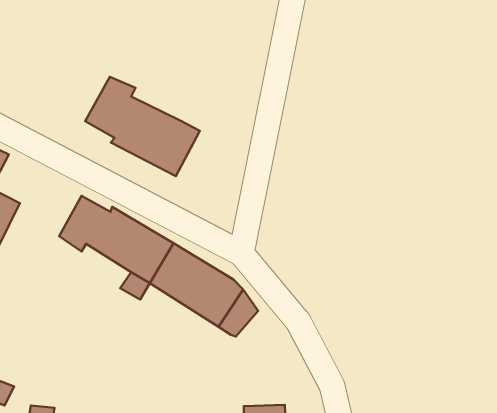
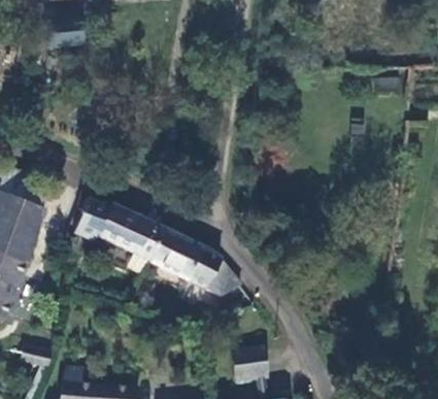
building: [85,77,200,176] -> none

